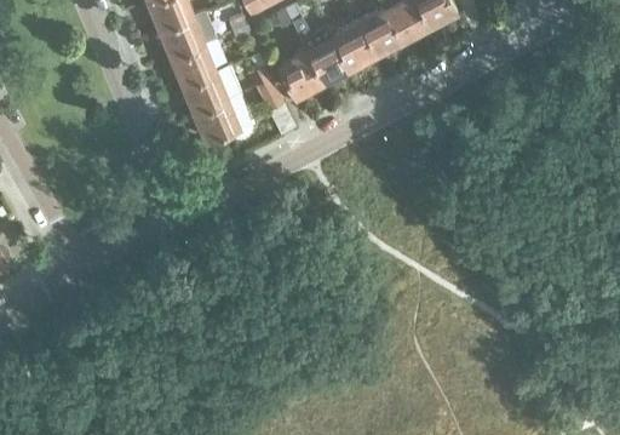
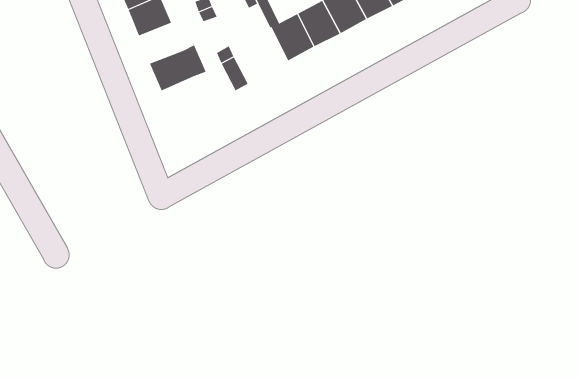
building: [170,44,214,85] -> none
building: [276,48,321,97] -> none
building: [193,93,251,142] -> none

